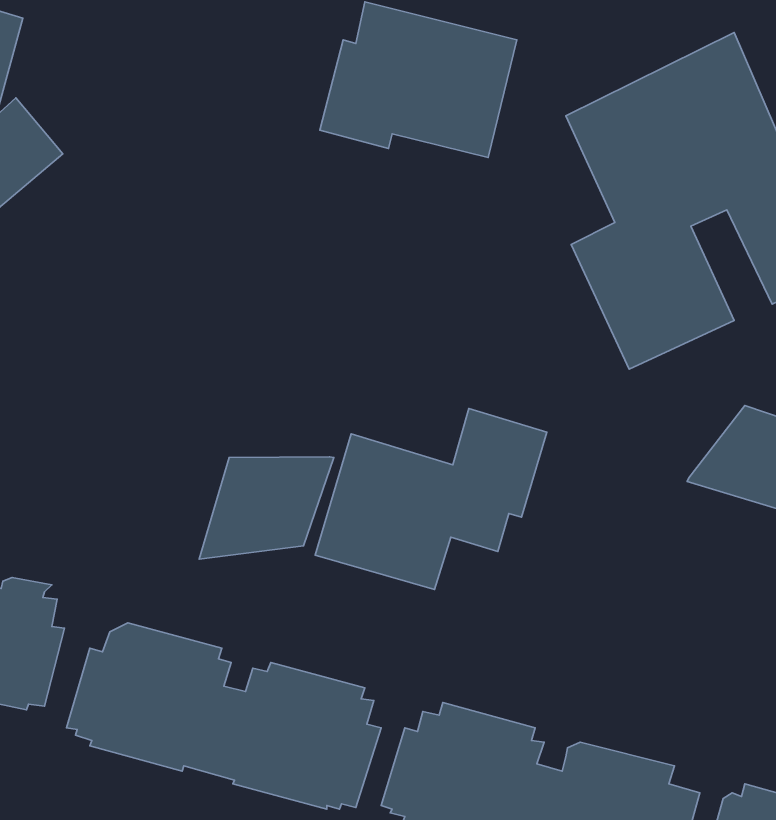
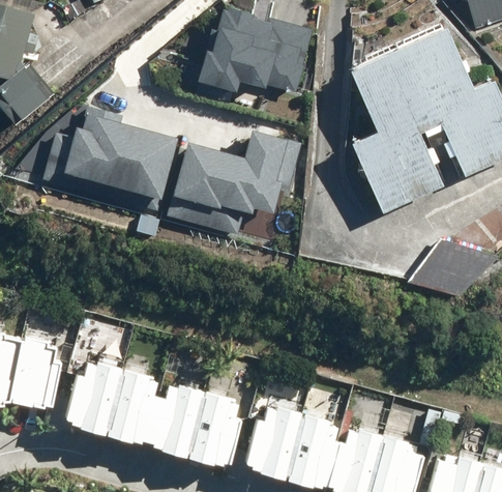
building: none -> [50,104,183,209]
building: [315,409,547,590] -> [176,125,308,229]
building: [199,457,334,559] -> none

